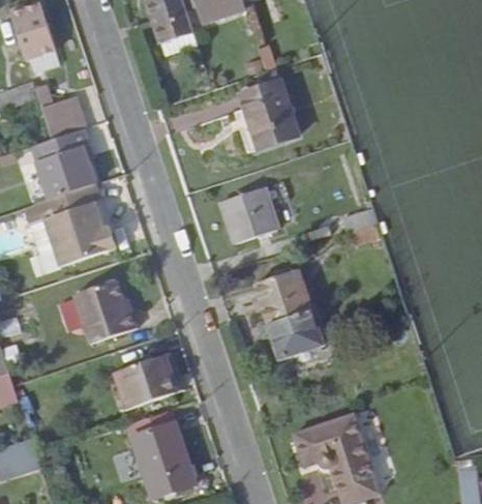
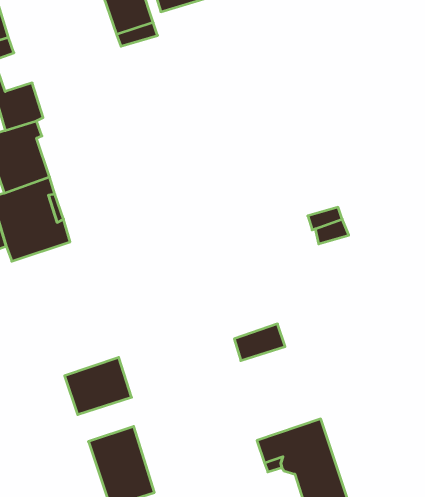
building: [235,81,298,152] -> none
building: [222,186,276,242] -> none
building: [255,271,313,337] -> none
building: [73,278,137,342] -> none

